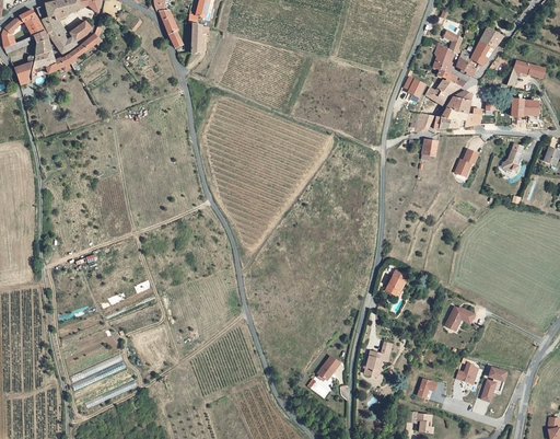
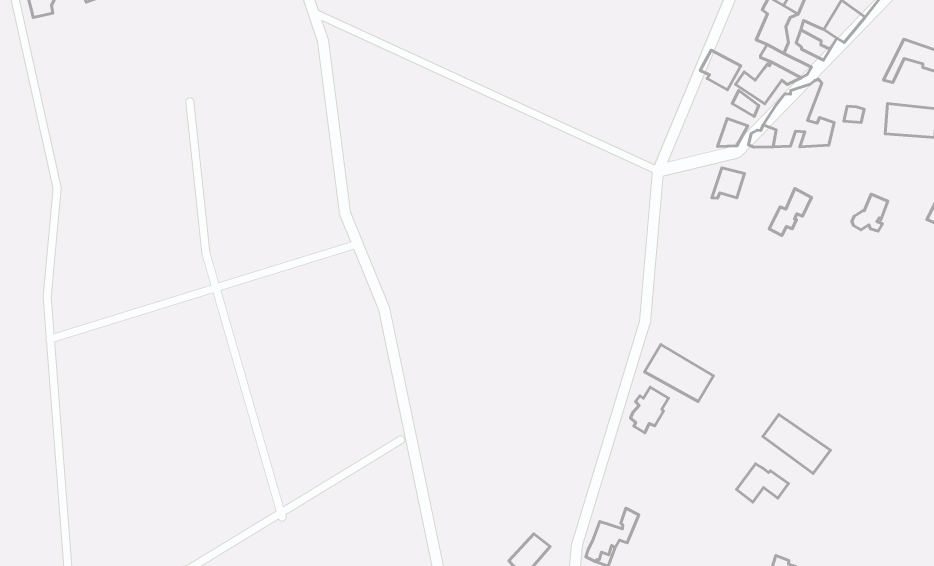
building: none -> [644,345,713,402]
building: none -> [763,414,830,473]

